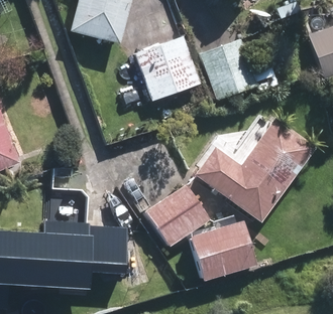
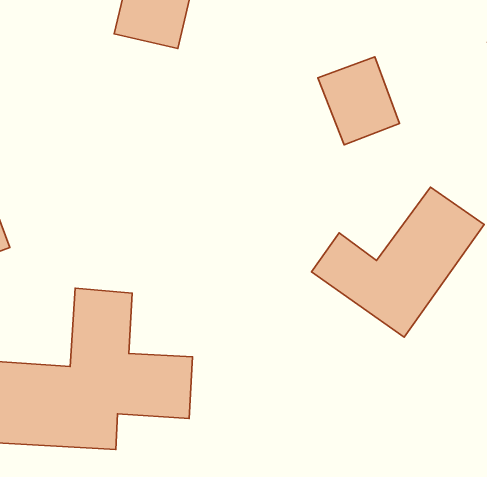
building: [139,39,199,98] -> none
building: [149,186,212,246] -> none
building: [195,227,258,280] -> none

